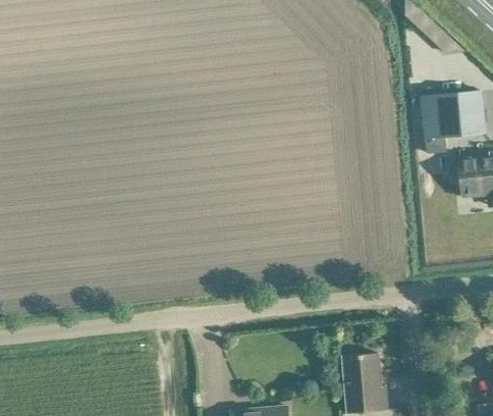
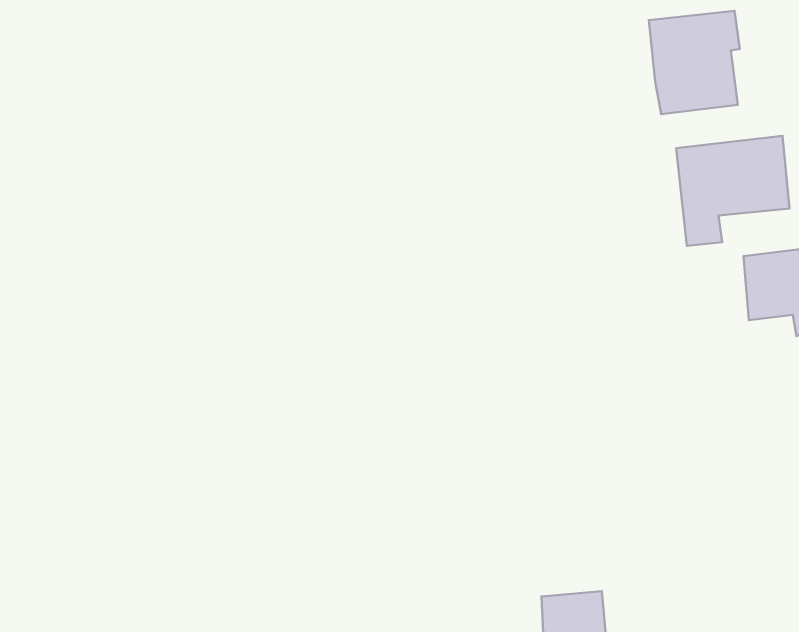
building: none -> [649,11,740,114]

